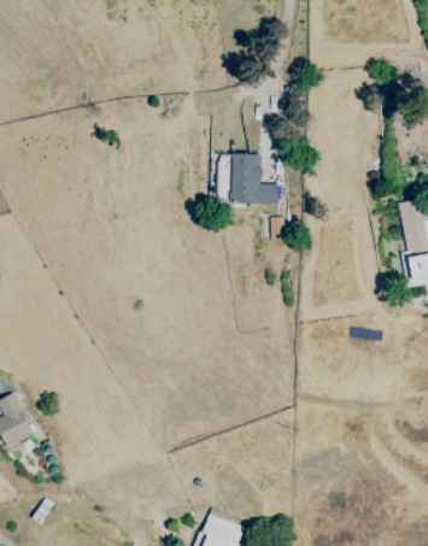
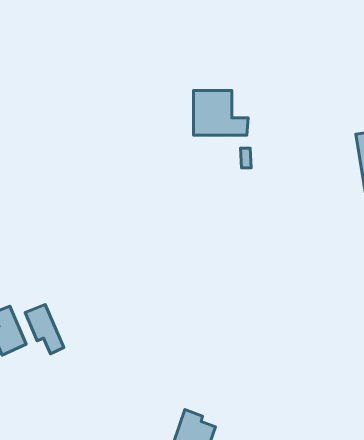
building: none -> [25,304,64,354]

